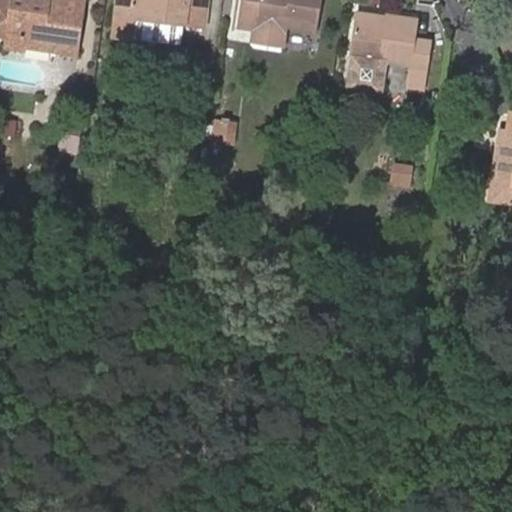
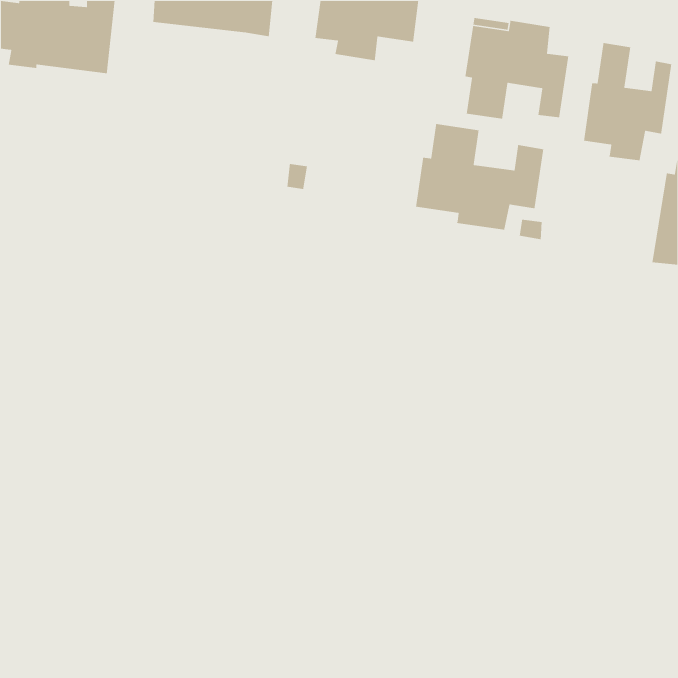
building: none -> [583,42,672,161]
building: none -> [415,123,544,230]

